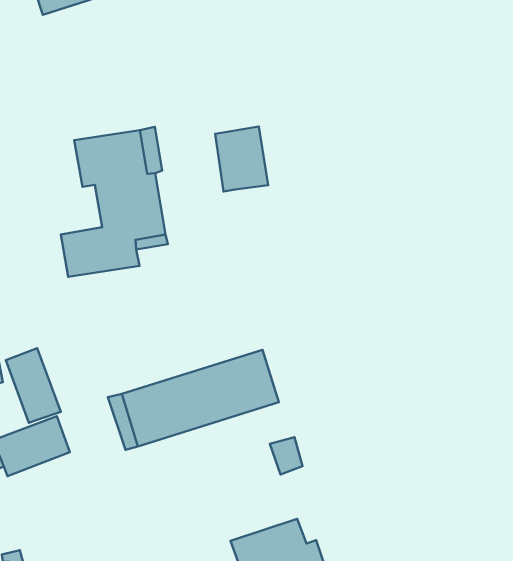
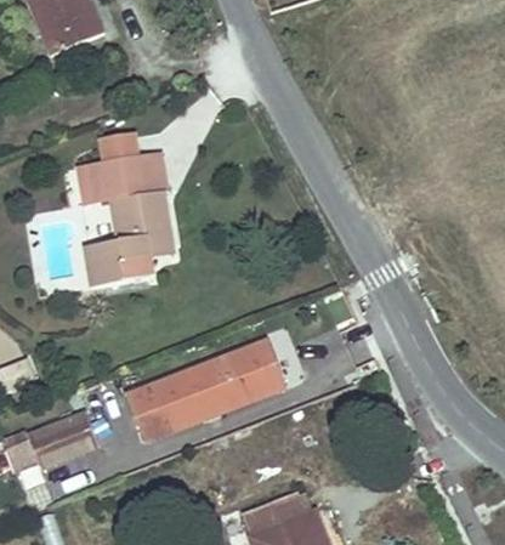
building: [215,127,268,192] -> none
building: [6,348,61,423] -> none

